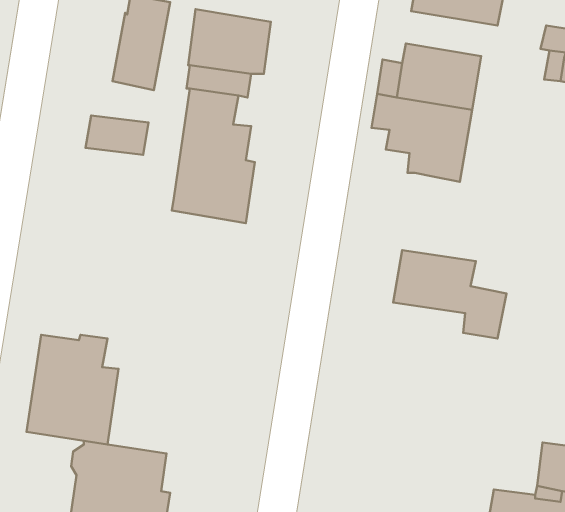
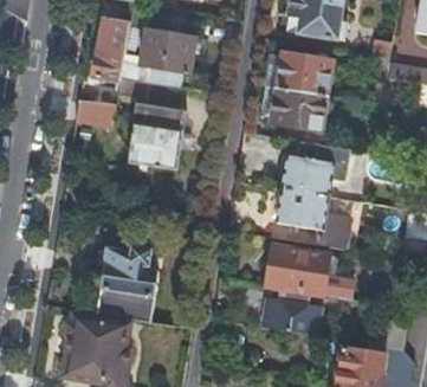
building: none -> [280,140,349,195]
building: none -> [261,244,329,335]
building: [27,335,118,444] -> [96,249,156,321]

